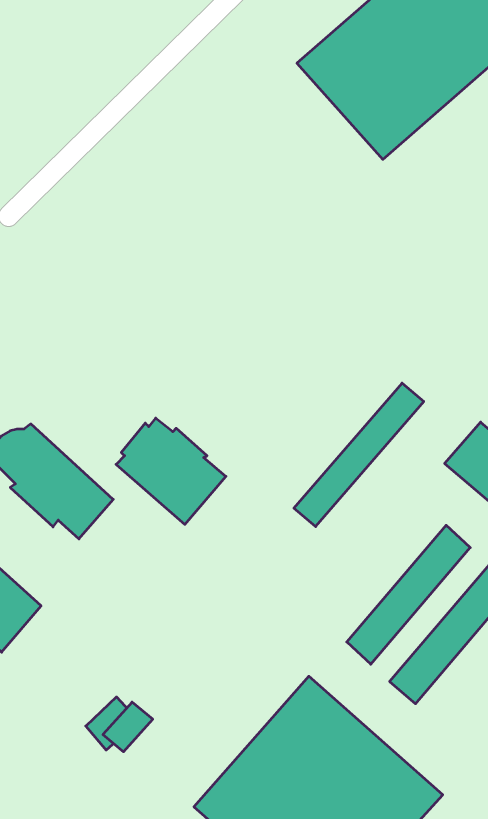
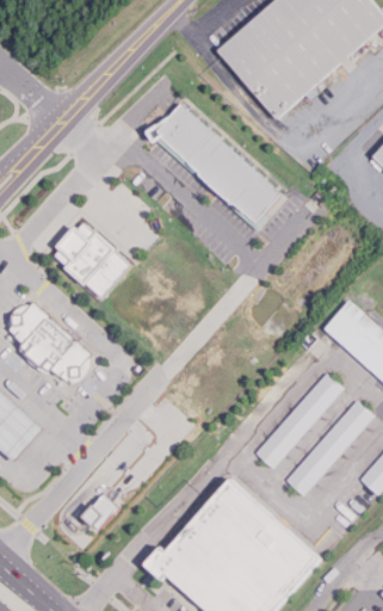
building: none -> [146,104,282,228]
building: [294,383,424,527] -> none
building: [116,418,226,524] -> [56,223,132,297]

